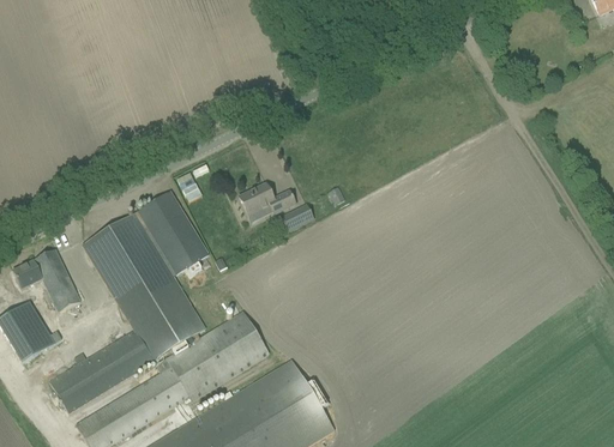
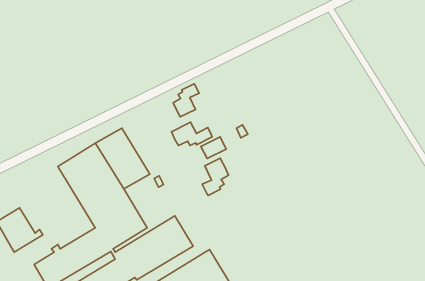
building: none -> [173,84,199,117]
building: none -> [202,158,229,196]
building: [12,249,79,312] -> none

